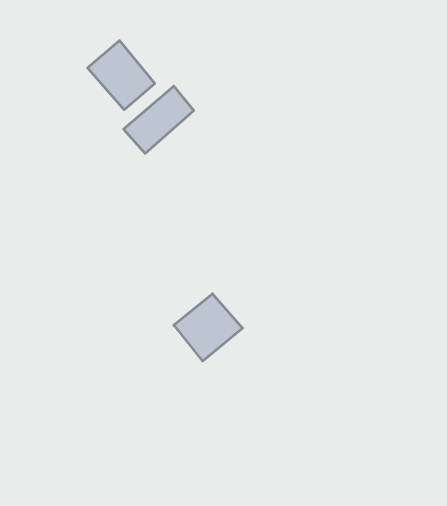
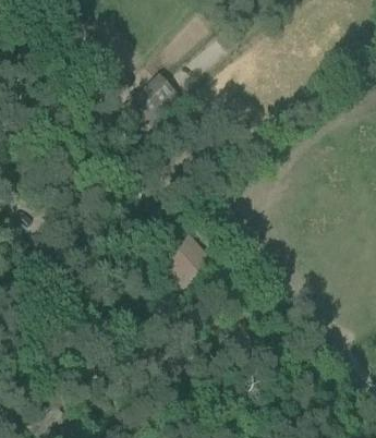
building: [88,41,155,110] -> none

